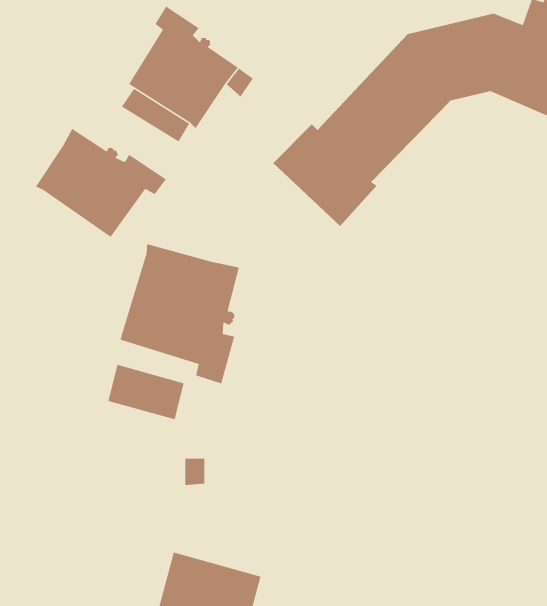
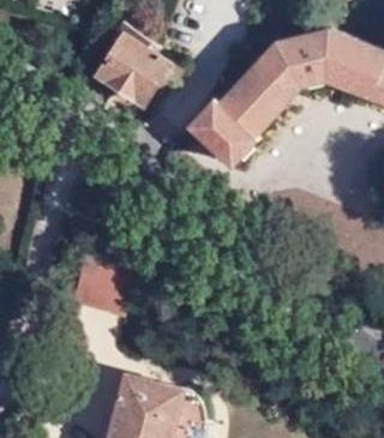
building: [35,128,167,238] -> none
building: [119,243,240,385] -> none

